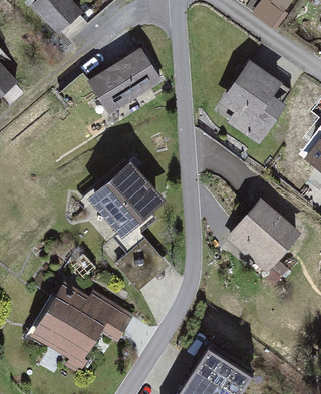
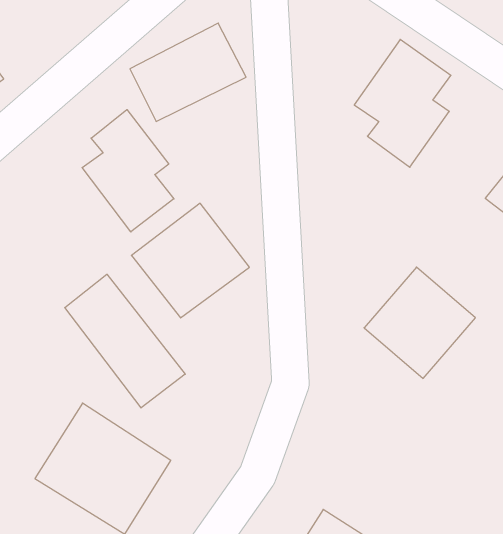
building: none -> [82,110,174,232]
building: none -> [65,274,185,408]

